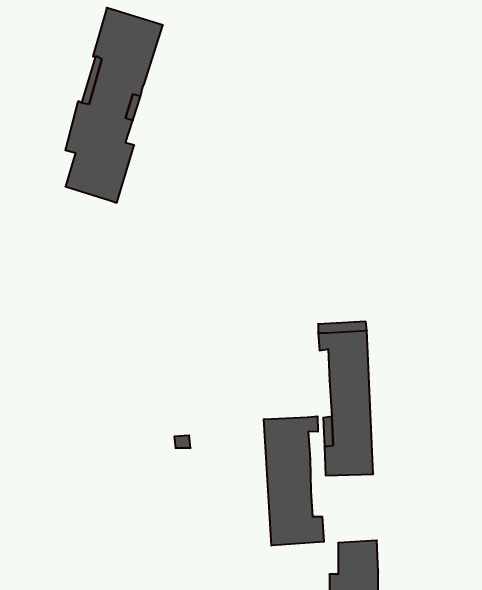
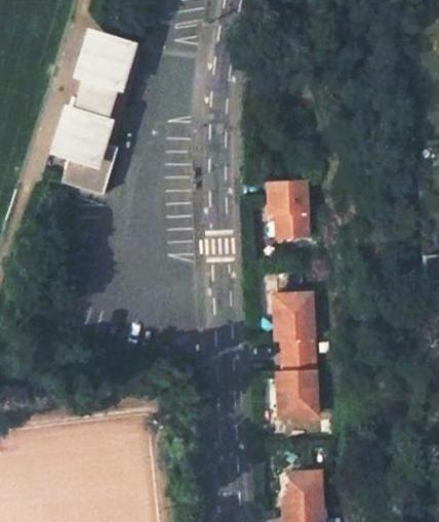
building: none -> [265,178,307,239]
building: [264,416,324,546] -> none

